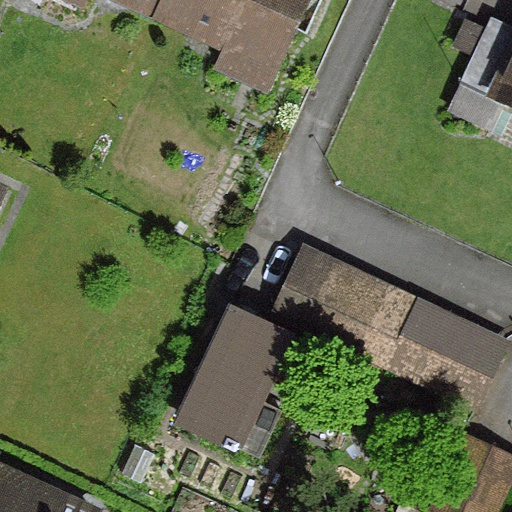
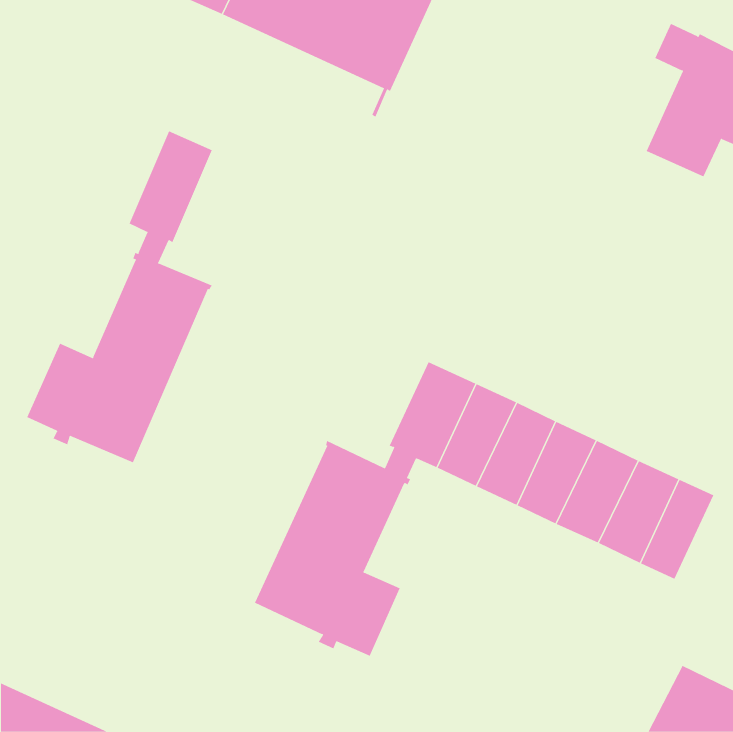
building: none -> [27,131,213,463]

